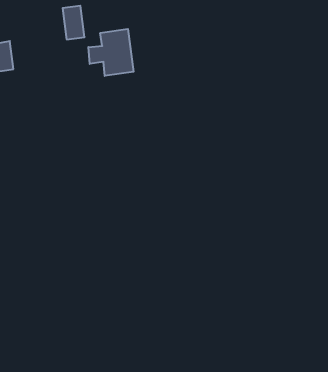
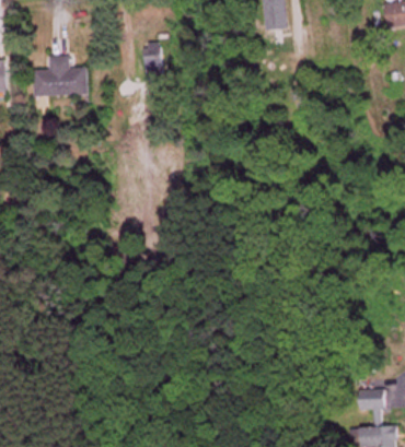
building: [88,29,134,76] -> none

